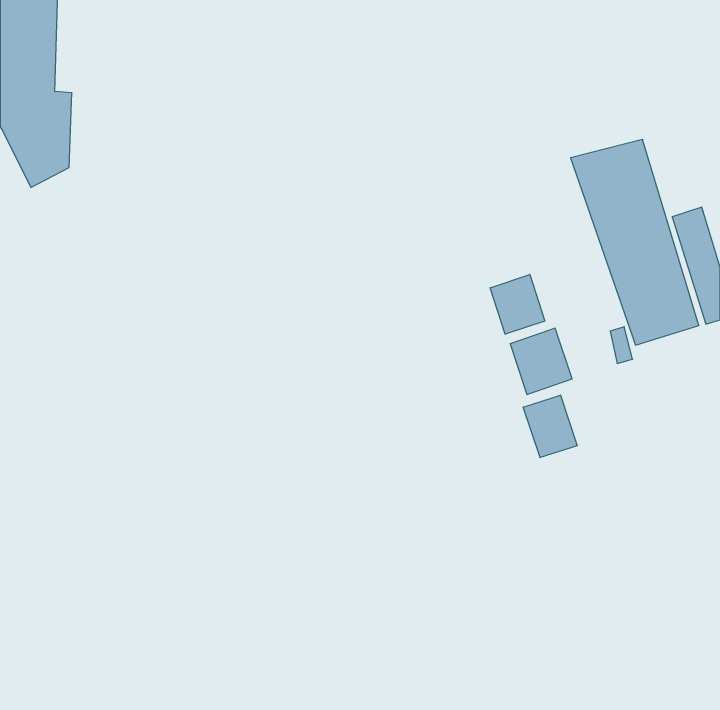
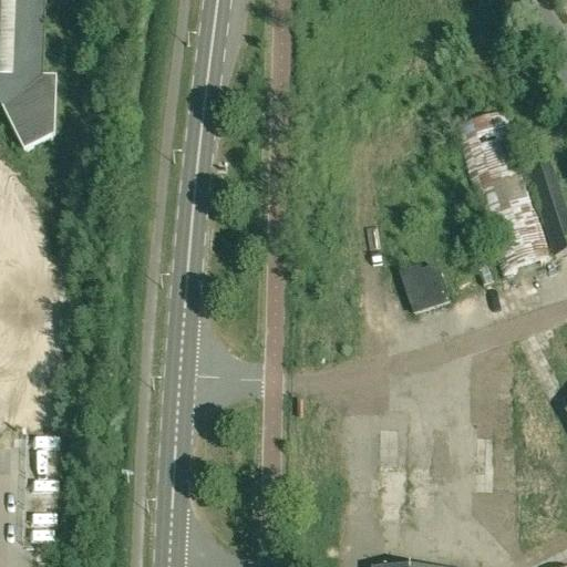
building: [490,274,545,334] -> none
building: [523,395,577,458] -> none

